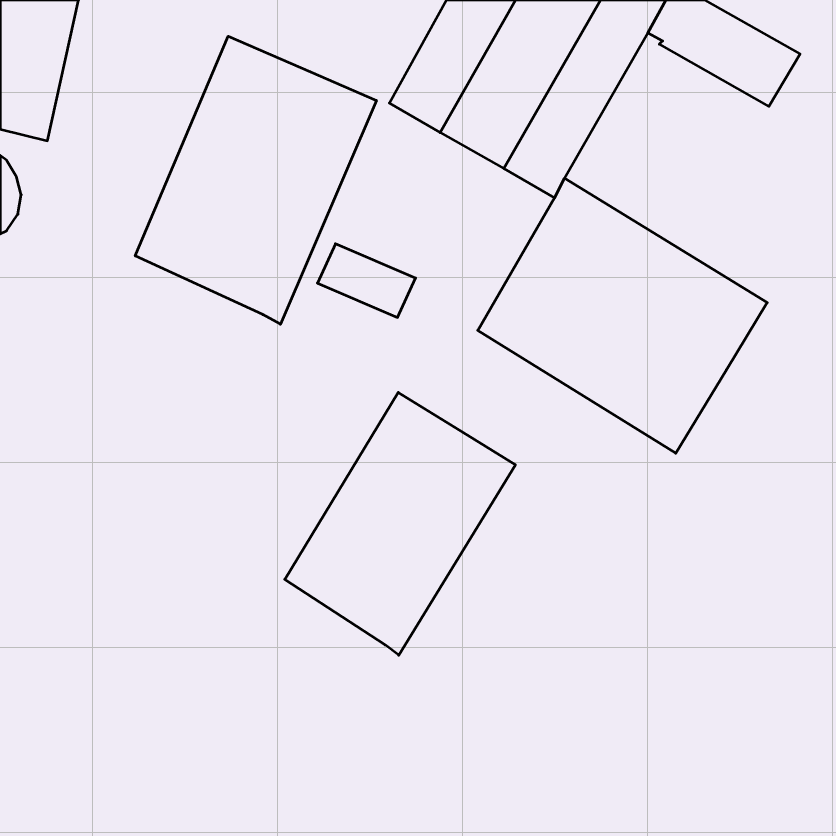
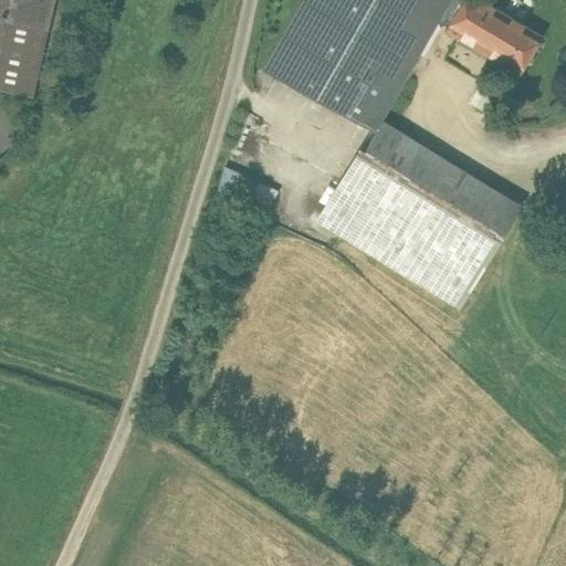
building: [135,36,376,324] -> none
building: [285,392,515,655] -> none

